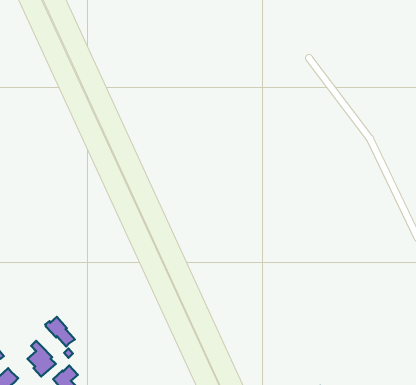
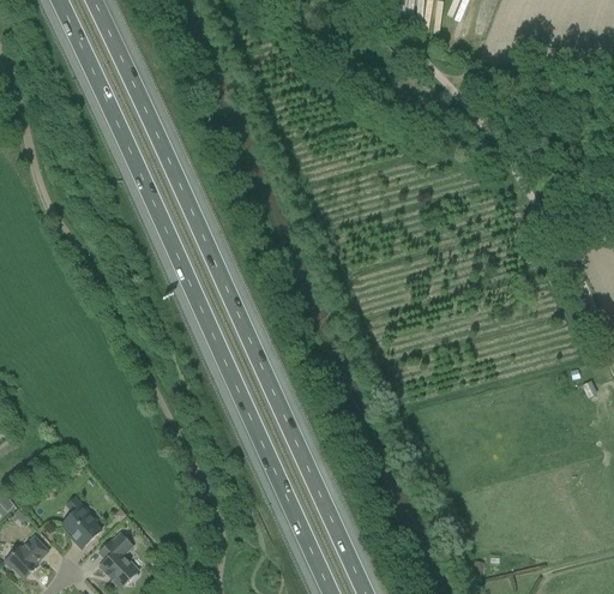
building: [45,317,75,347] -> none

